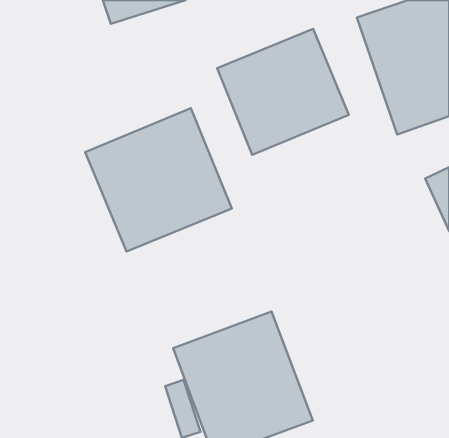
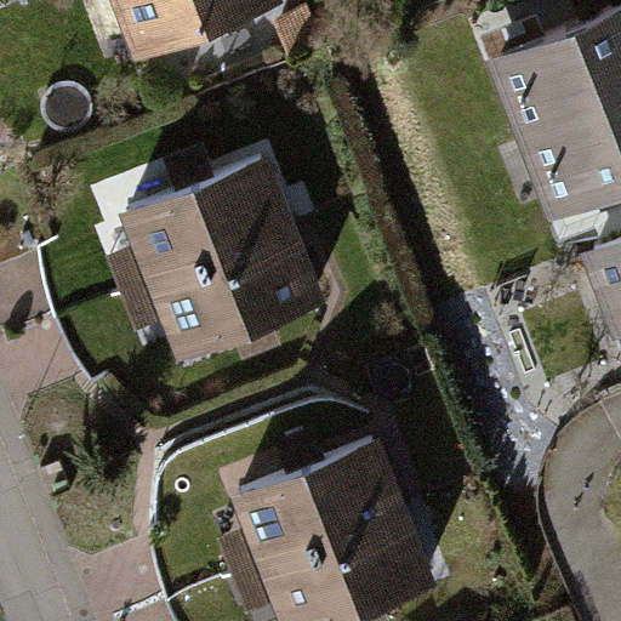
building: [217,29,349,155] -> none

